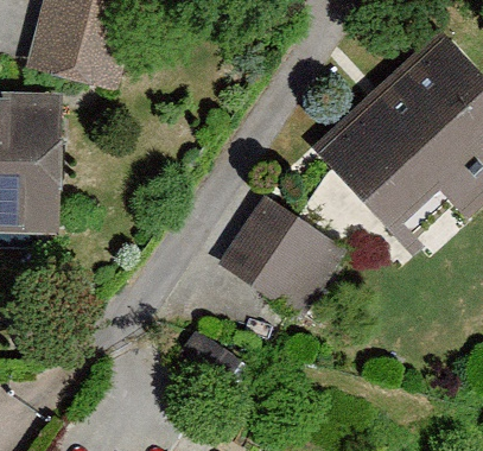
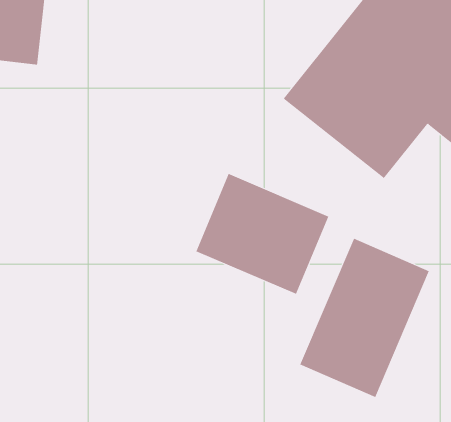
building: none -> [300,238,430,398]

